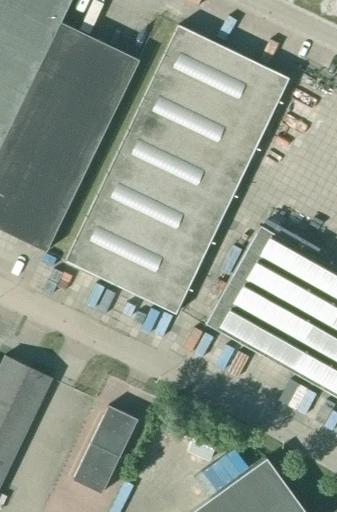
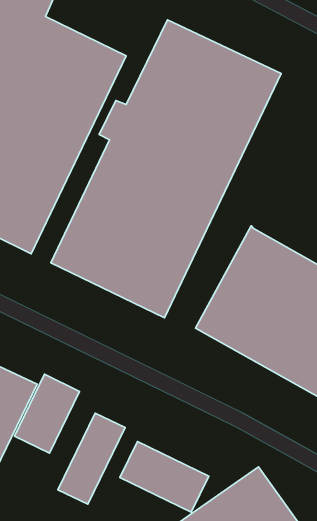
building: none -> [14,374,79,453]
building: none -> [120,441,209,512]

